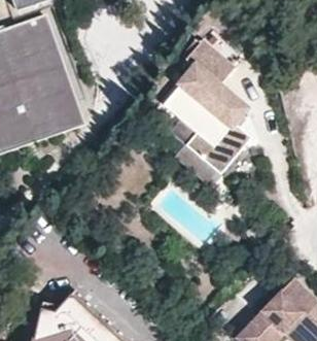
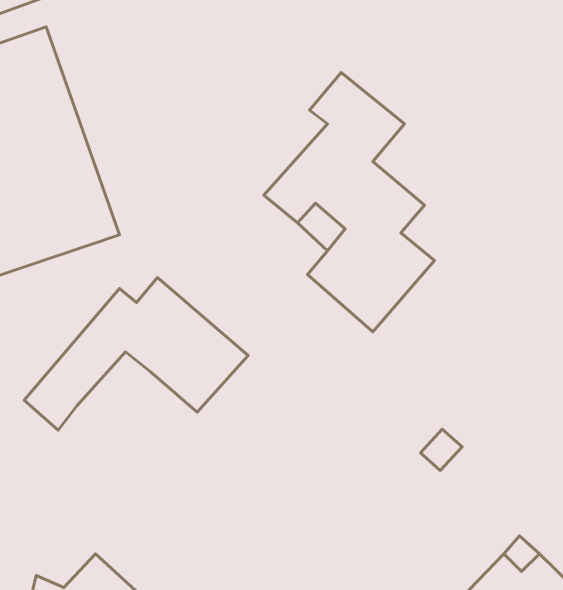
building: none -> [24,277,248,430]

